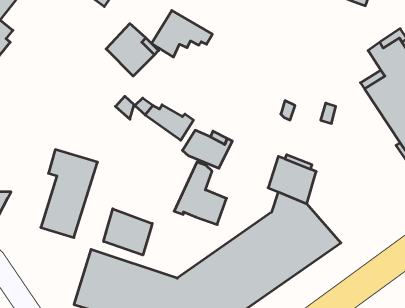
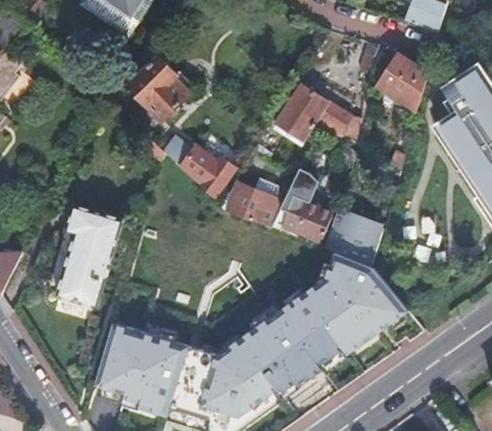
building: [151,10,212,57] -> [277,82,349,137]
building: none -> [373,51,425,109]
building: [174,162,227,225] -> [269,168,331,242]
building: [104,209,152,255] -> none

